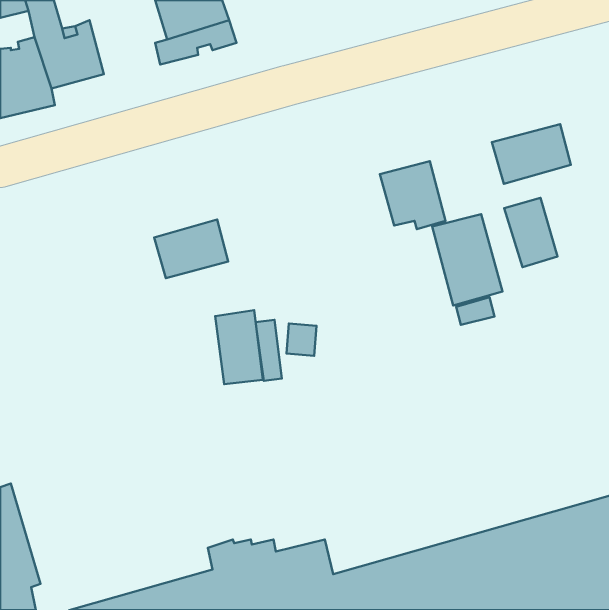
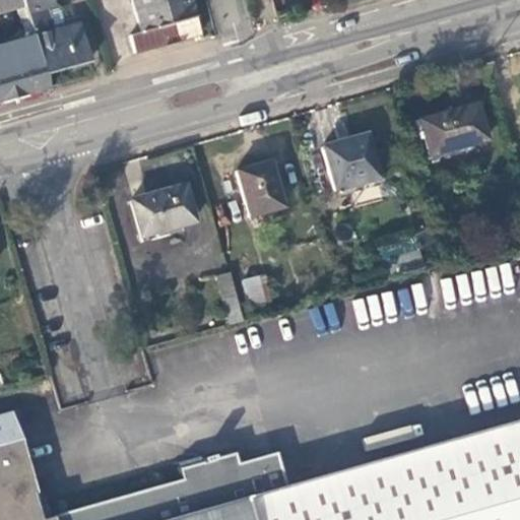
building: none -> [237,164,283,220]
building: [504,198,557,267] -> none
building: [432,214,502,306] -> none
building: [215,310,263,384] -> none

